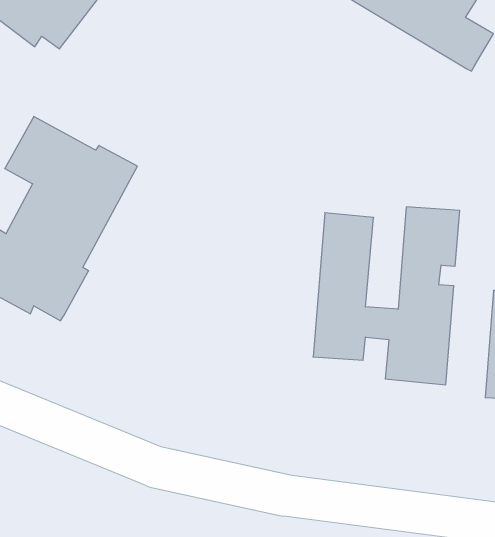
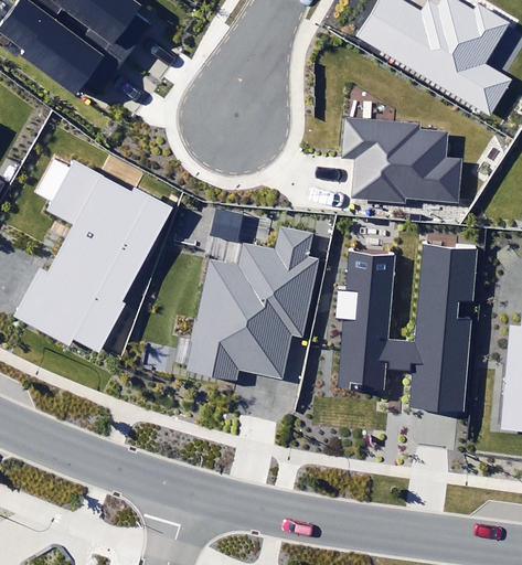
building: none -> [342,118,460,203]
building: none -> [188,227,319,383]

